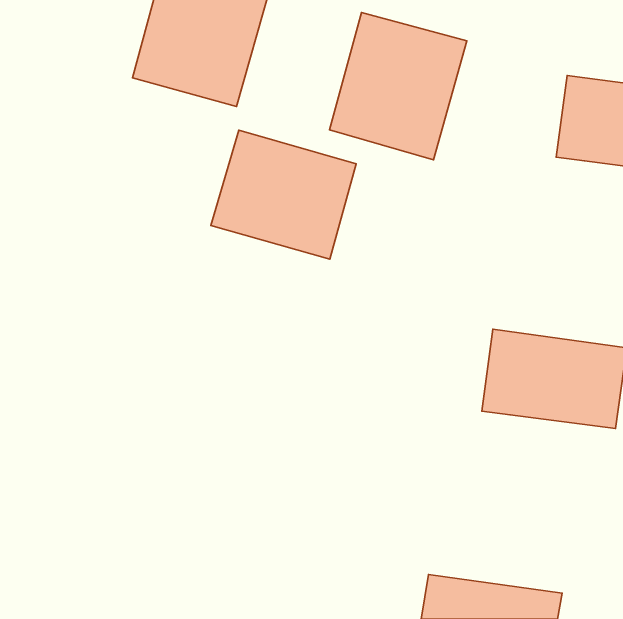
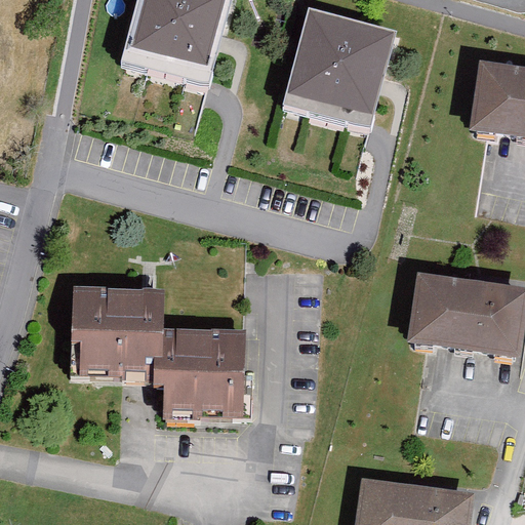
building: [211,130,356,259] -> none
building: none -> [77,290,243,414]

